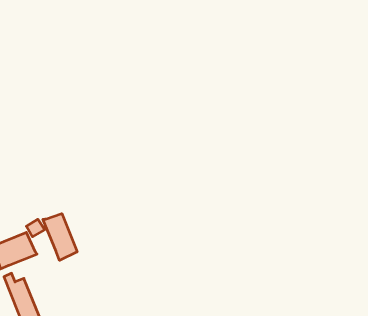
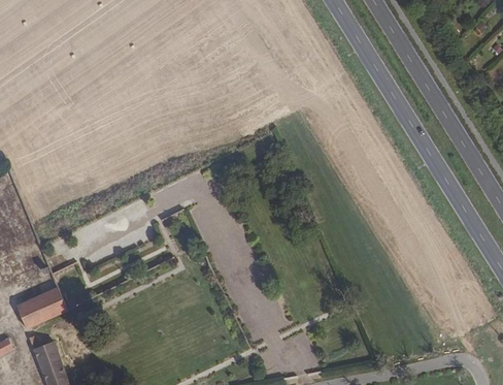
building: [43,214,77,260] -> none

